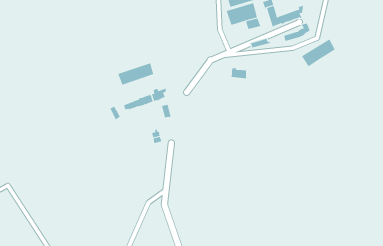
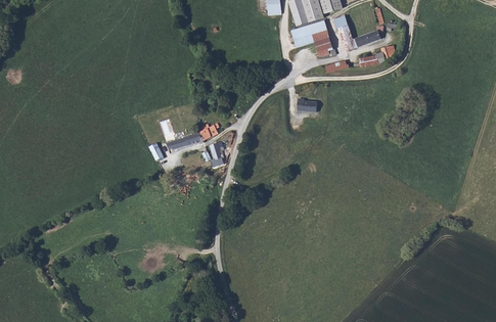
building: [301,38,336,67] -> none
building: [118,62,154,86] -> none

